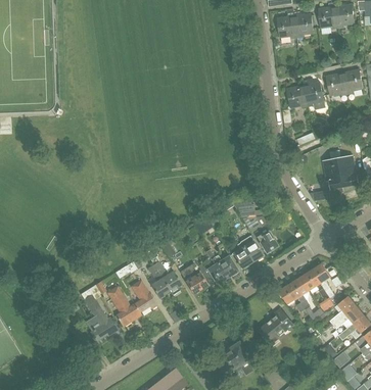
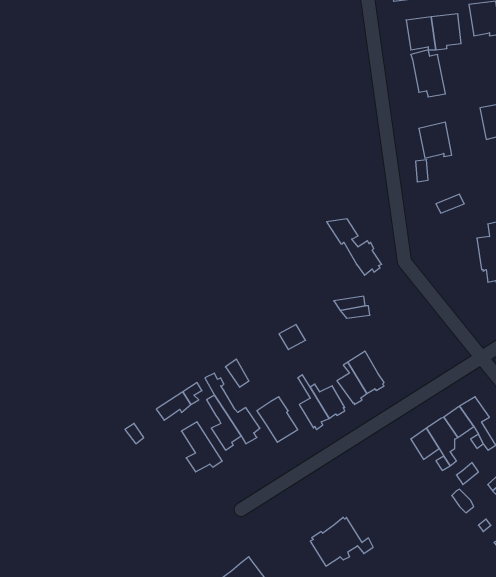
building: [302,79,324,109] -> [411,50,445,97]
building: [241,216,277,253] -> [327,219,382,275]
building: [107,286,141,325] -> none
building: [85,296,118,340] -> none
building: [259,308,294,341] -> none

